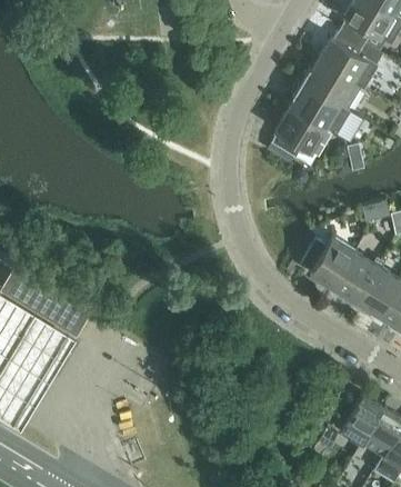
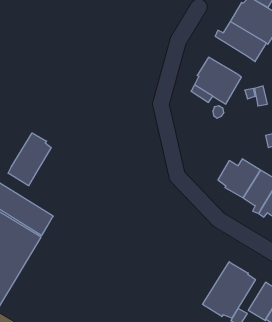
building: [289,81,339,129] -> none
building: none -> [8,133,51,186]
building: none -> [203,262,255,318]

